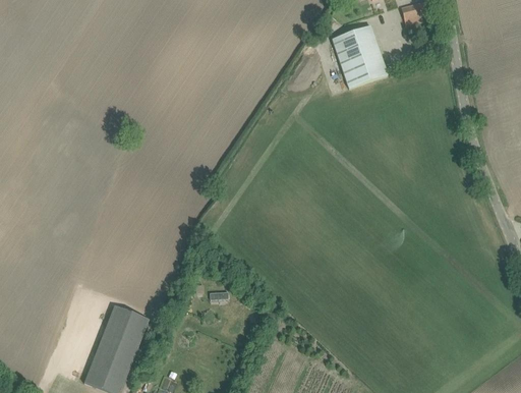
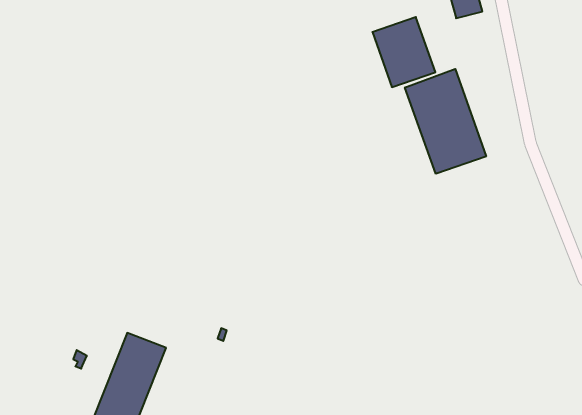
building: none -> [405,69,486,174]

